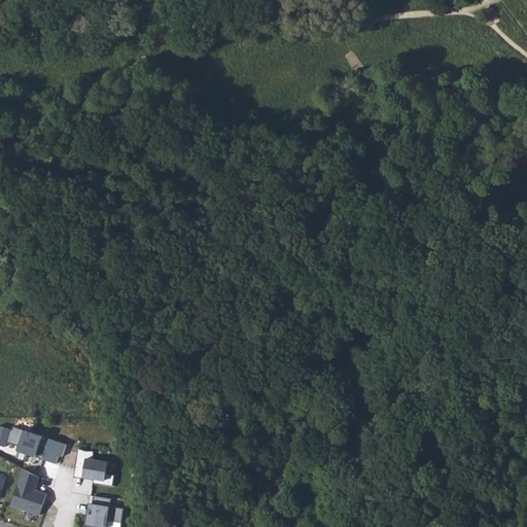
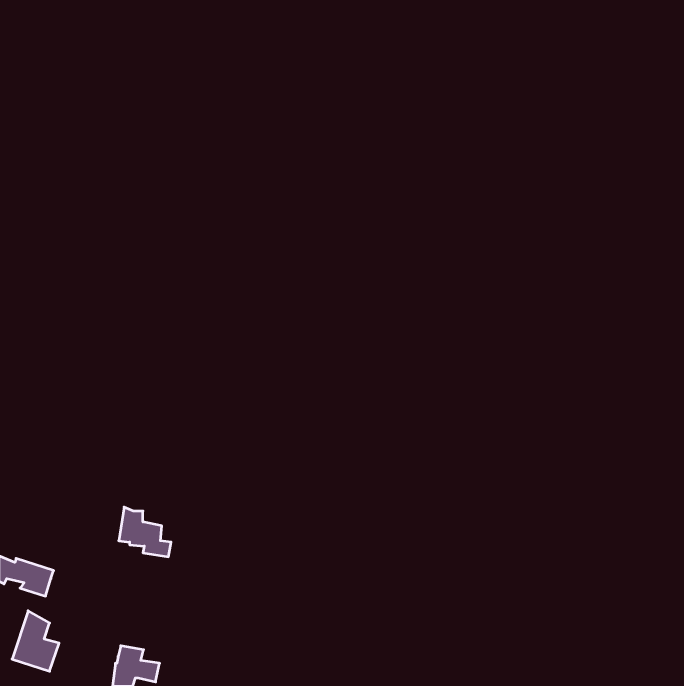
building: [35,440,65,464] -> none
building: [73,448,113,486] -> [119,507,171,557]

